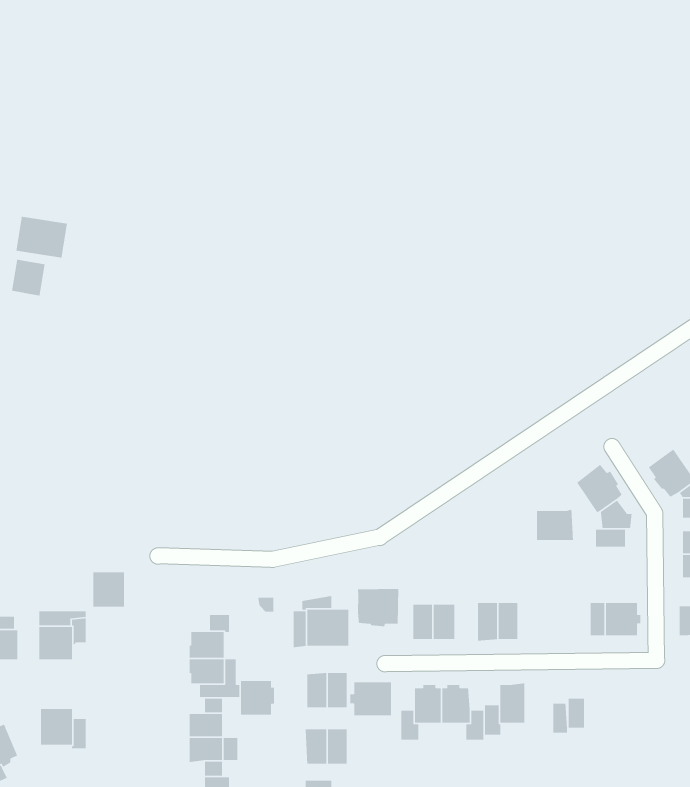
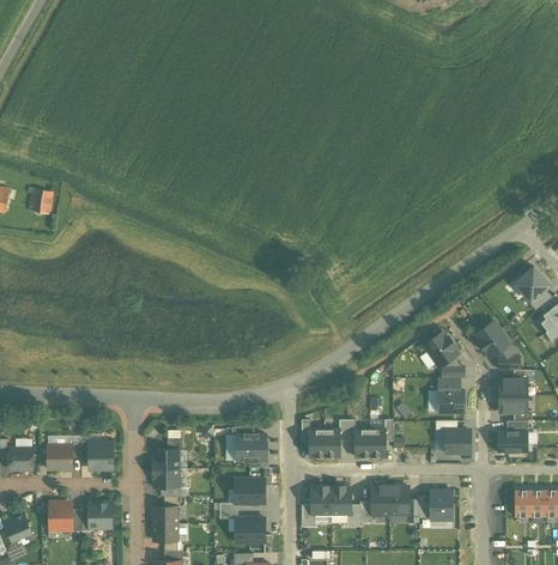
building: [16,216,68,259] -> none
building: [536,508,574,541] -> [438,389,465,412]
building: [92,572,125,607] -> [90,443,113,468]
building: [357,588,399,627] -> none
building: [240,680,275,716] -> none
building: [350,681,392,716] -> none
building: none -> [389,485,408,514]
building: none -> [430,490,453,520]
building: none -> [89,502,113,527]

